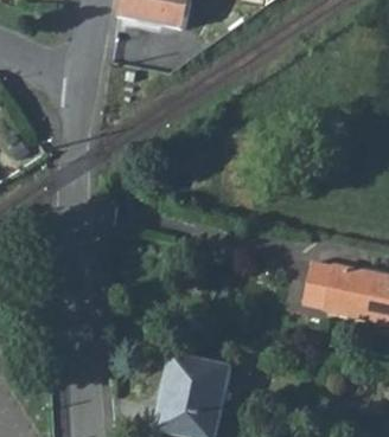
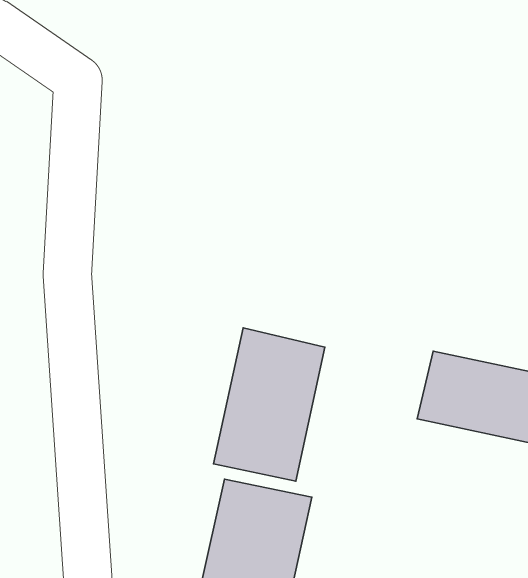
building: none -> [213,328,325,481]

